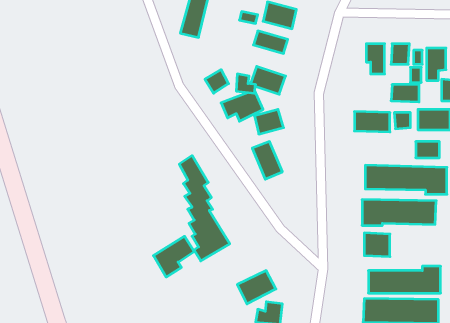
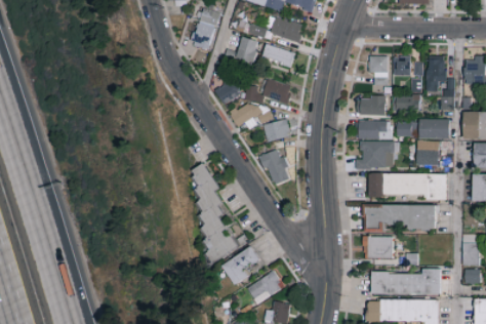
building: none -> [226,37,258,65]
building: none -> [356,95,386,116]
building: none -> [356,141,395,169]
building: [153,236,194,277] -> [221,247,260,286]

